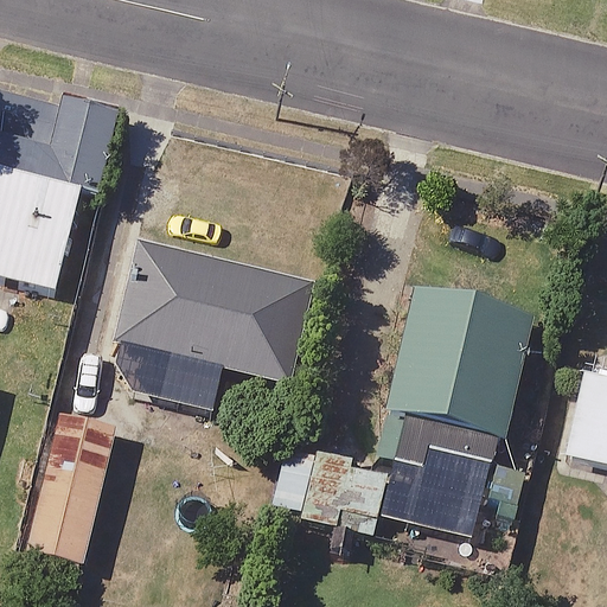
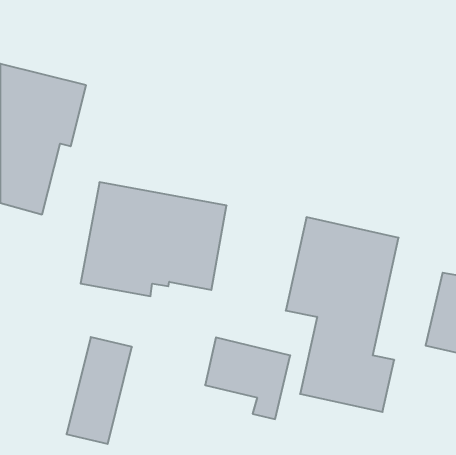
building: [27,421,114,562] -> [66,337,132,444]

